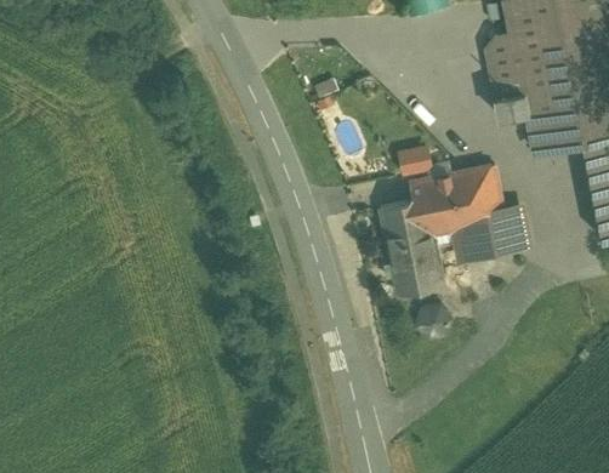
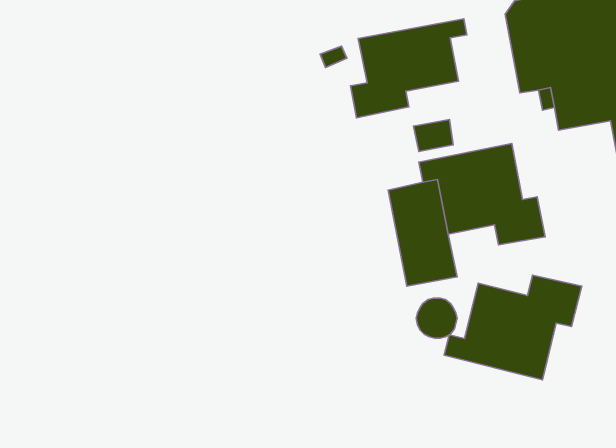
building: none -> [351,19,467,118]
building: none -> [444,275,582,380]

